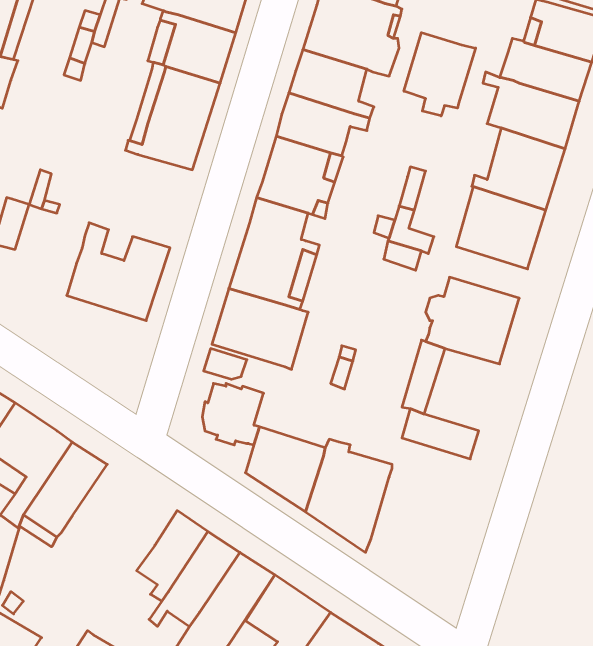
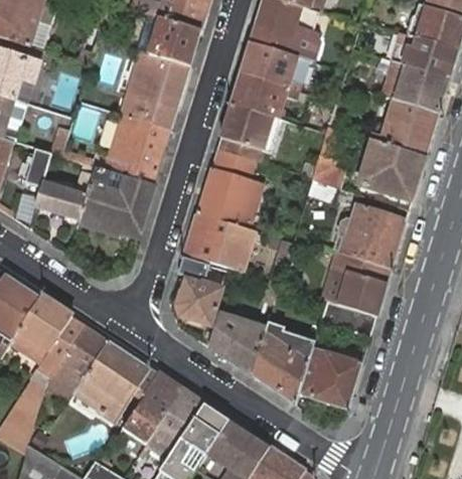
building: [404,33,476,116] -> none
building: none -> [94,114,169,184]
building: none -> [35,172,92,218]
building: none -> [336,257,391,316]
building: none -> [74,340,158,421]
building: none -> [298,349,360,410]

